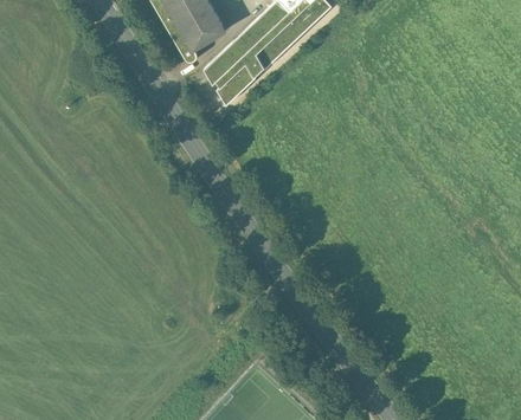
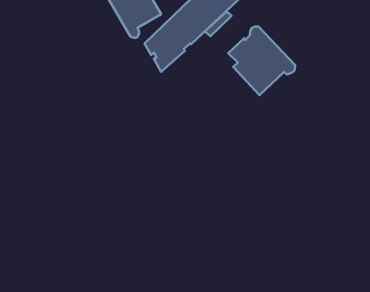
building: none -> [228,26,295,95]

